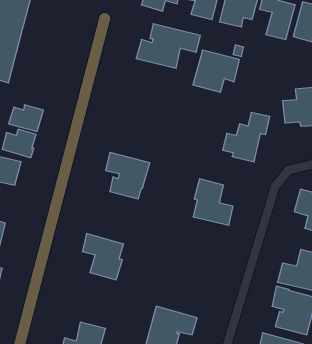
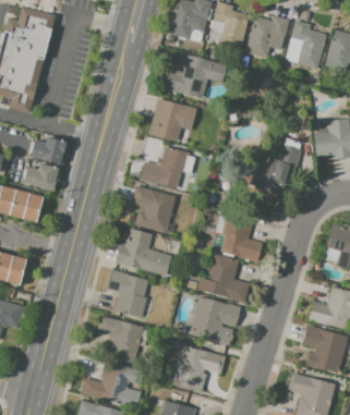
building: [193,50,239,92] -> [149,99,197,143]
building: none -> [140,147,189,188]
building: none -> [118,229,171,277]
building: none -> [197,254,250,301]
building: none -> [190,296,241,343]
building: none -> [96,316,148,364]

